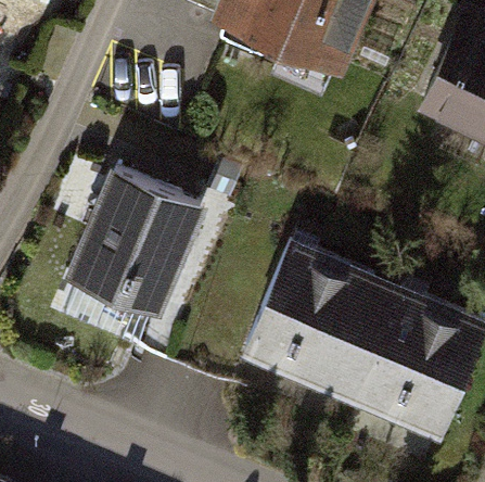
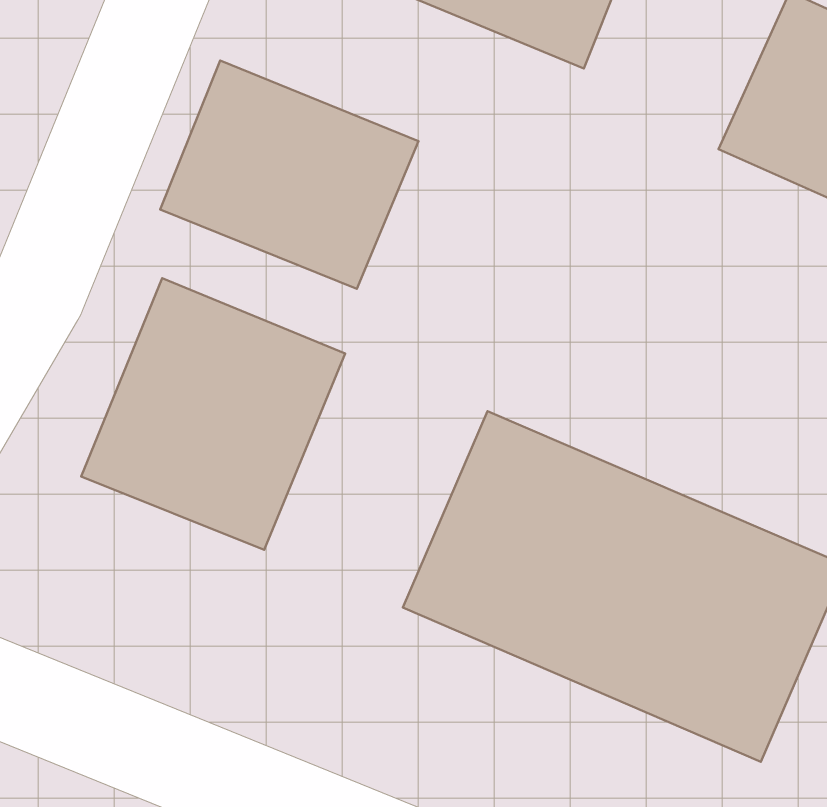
building: none -> [160,60,418,289]

